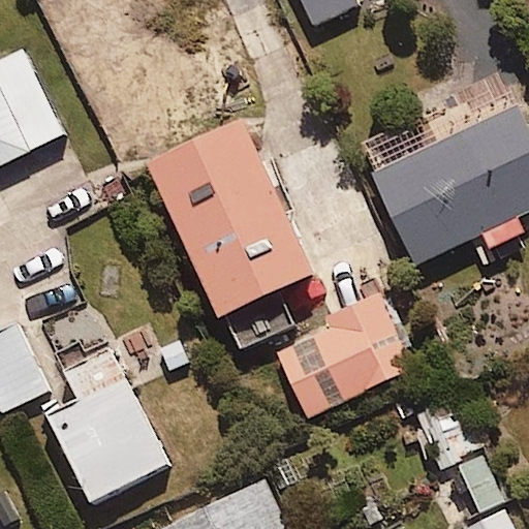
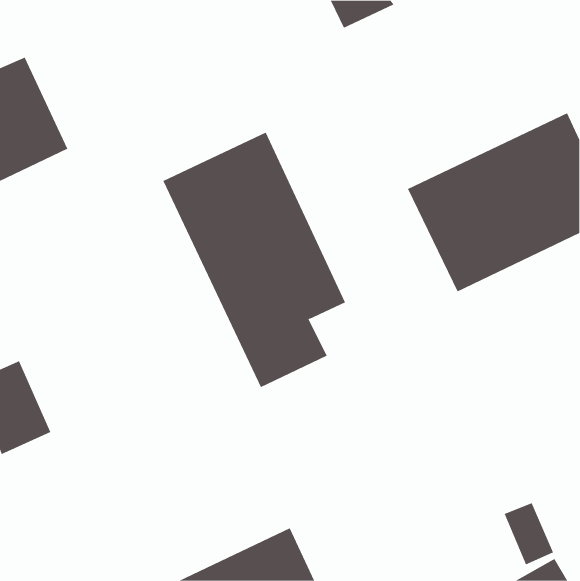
building: [273,292,413,419] -> none
building: [32,303,166,503] -> none

